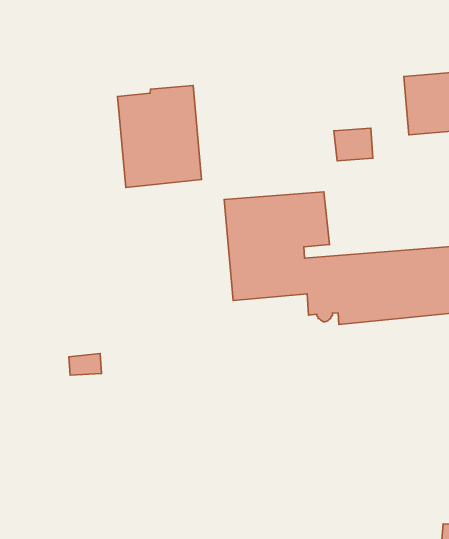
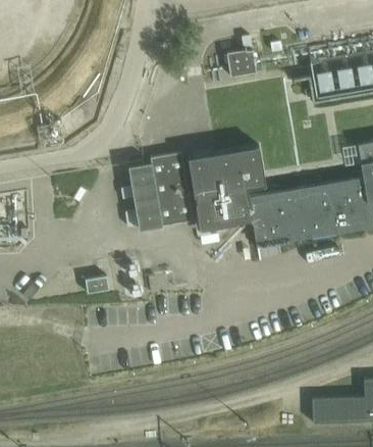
building: [117,85,201,188] -> [128,153,194,231]
building: [334,128,373,161] -> [227,52,257,78]

